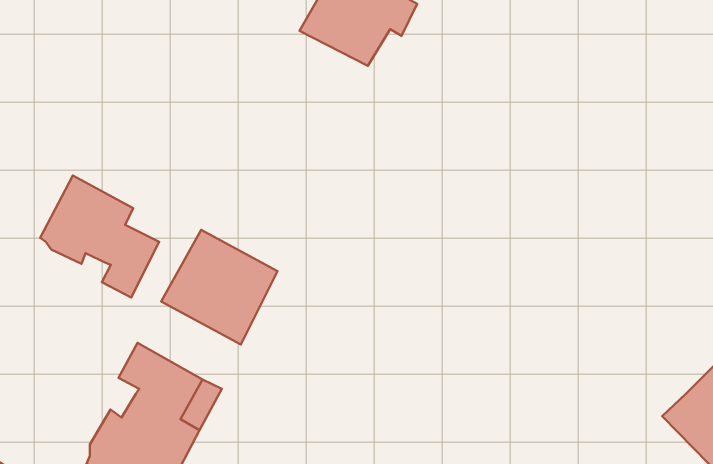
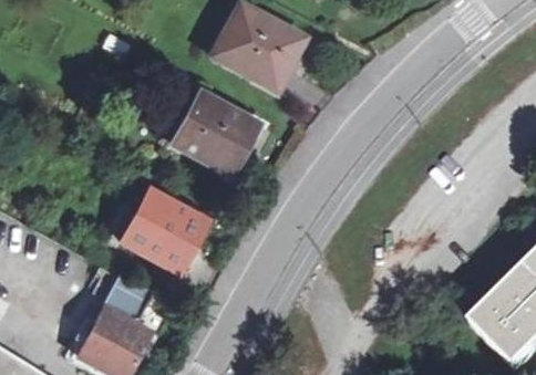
building: none -> [174,92,246,173]
building: [40,176,159,297] -> none

